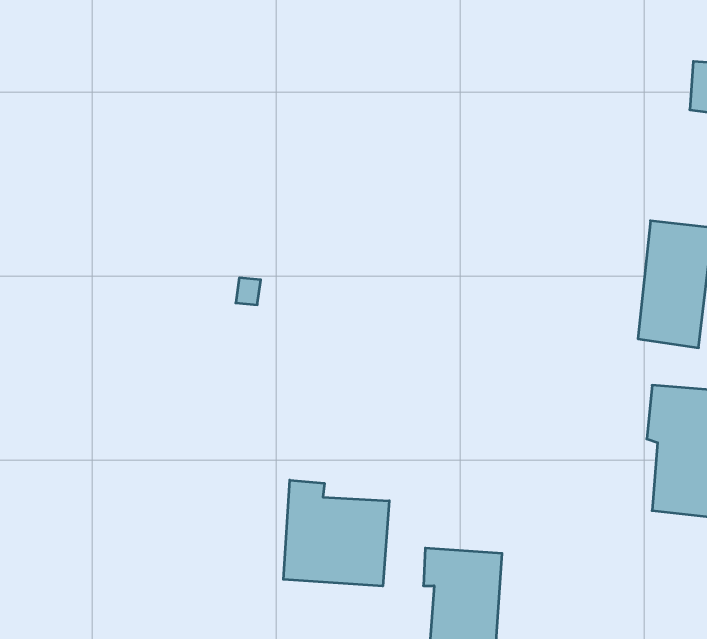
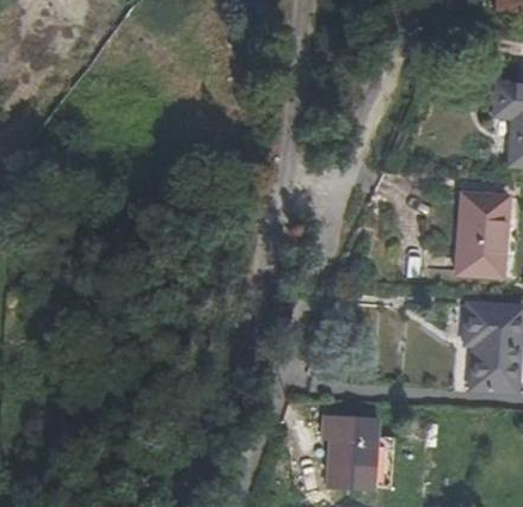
building: [283,480,389,586] -> none

